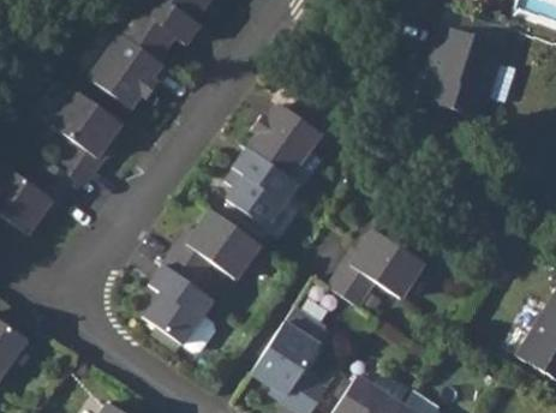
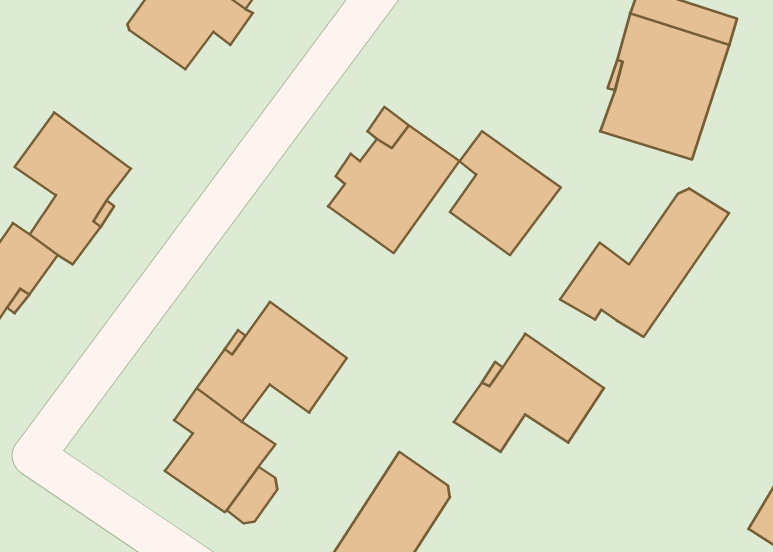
building: [89,36,162,109] -> none
building: none -> [560,188,729,337]
building: [227,149,298,228] -> [450,131,561,255]

